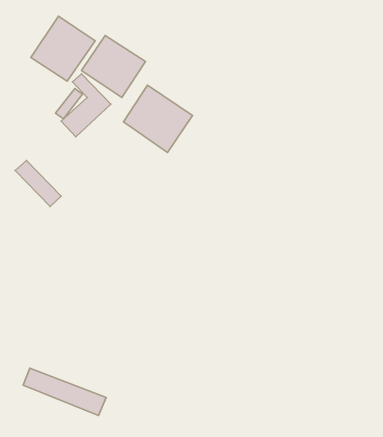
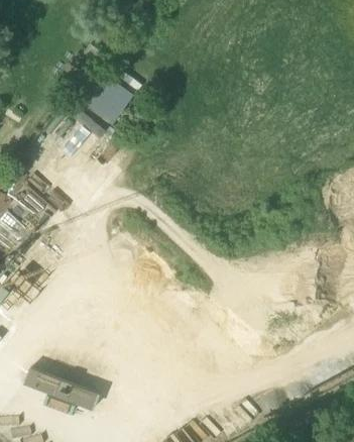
building: [31,16,95,81] -> none
building: [123,85,193,153] -> none

